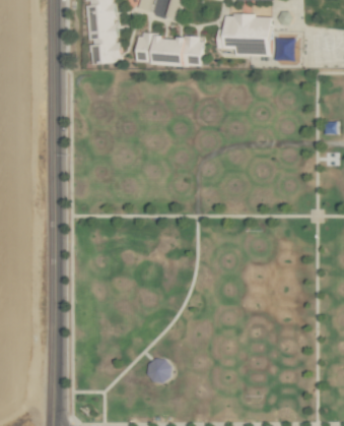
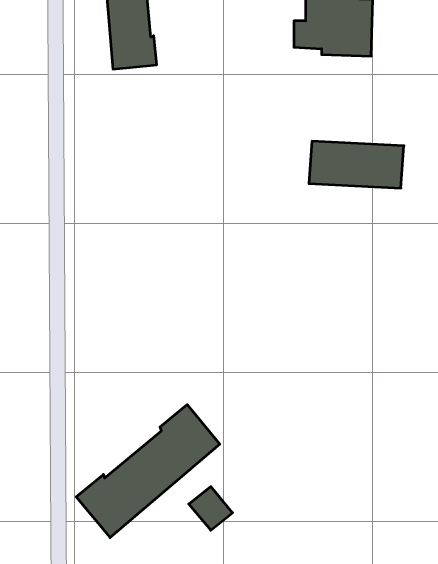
building: [137,34,203,66] -> [309,141,404,188]
building: none -> [76,405,220,538]

